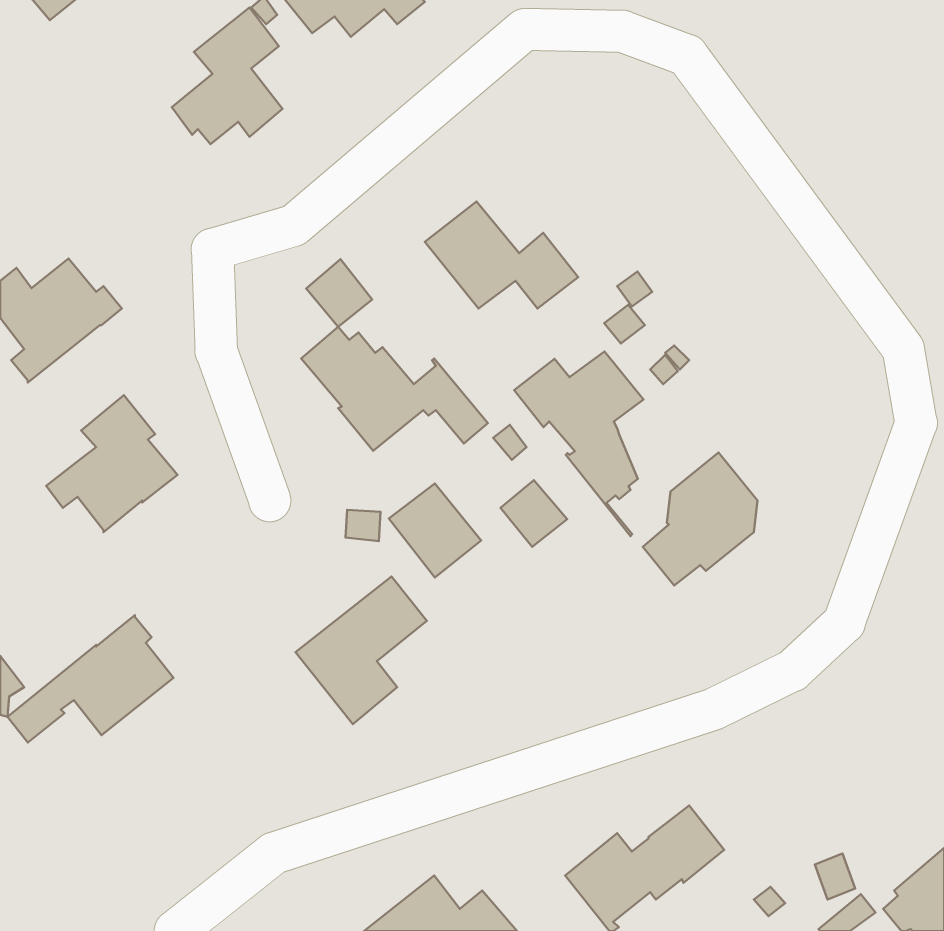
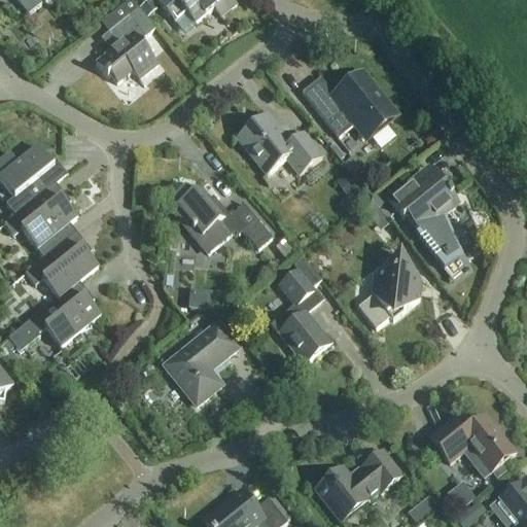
building: none -> [302,73,394,136]
building: [306,259,372,327] -> none
building: none -> [4,181,77,256]
building: [514,351,643,536] -> [387,174,459,277]
building: [389,483,481,578] -> [279,310,330,362]
building: [7,615,174,743] -> [8,279,101,350]
building: none -> [429,411,516,467]

